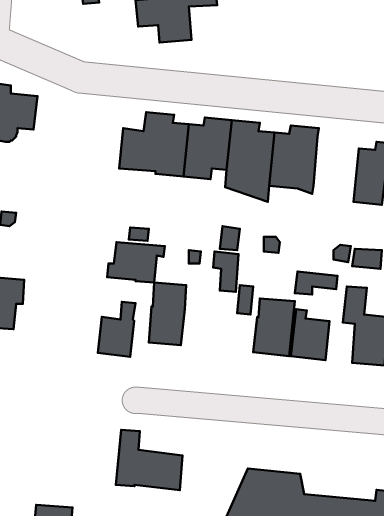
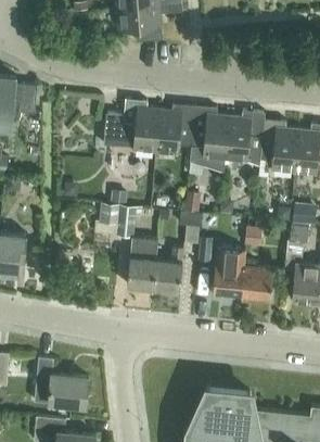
building: none -> [260,118,297,172]
building: [98,302,135,357] -> [153,247,183,291]
building: [116,430,183,490] -> [34,357,88,406]

